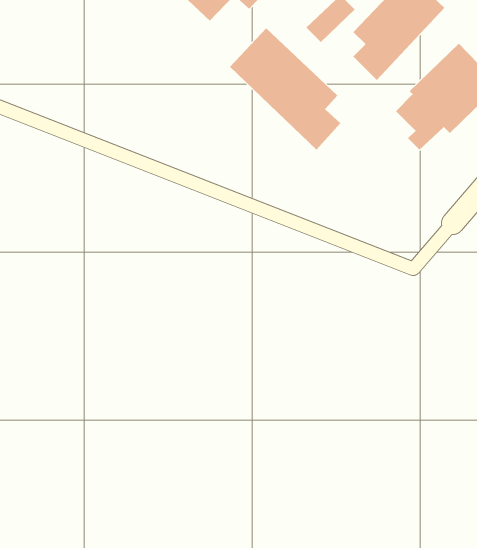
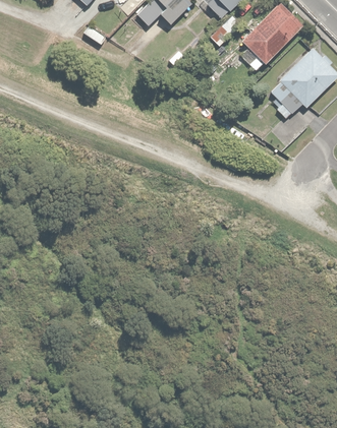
building: [229,27,341,151] -> none

